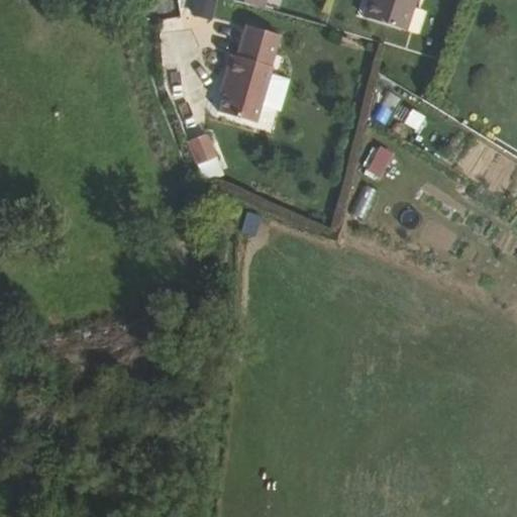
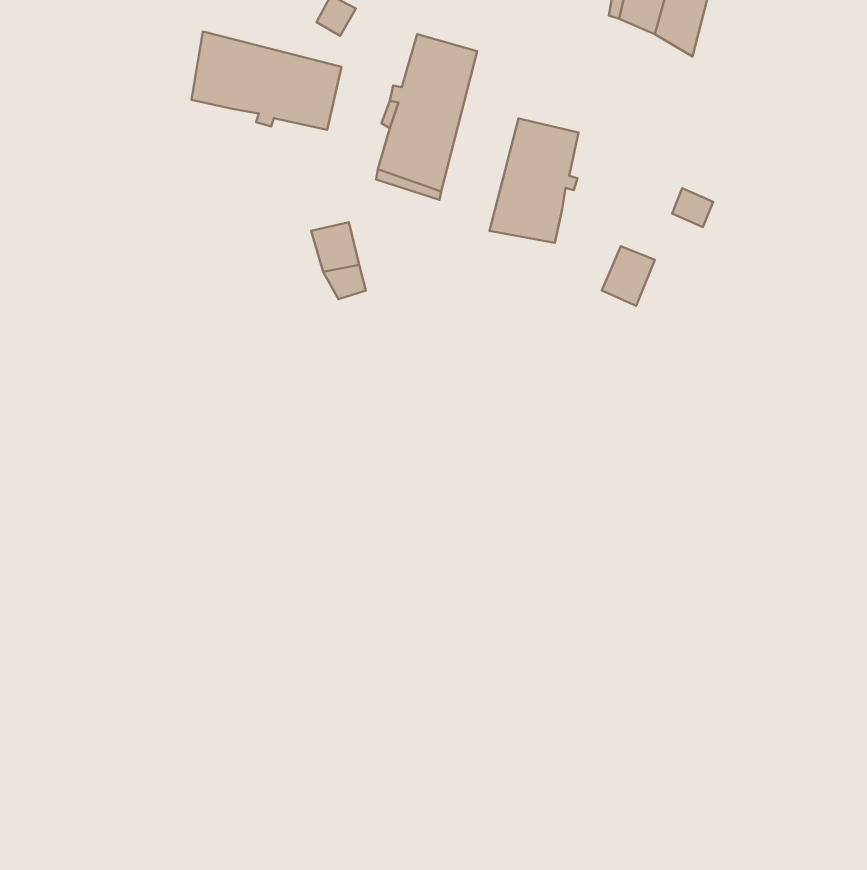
building: none -> [191,31,341,130]
building: none -> [490,118,578,243]

